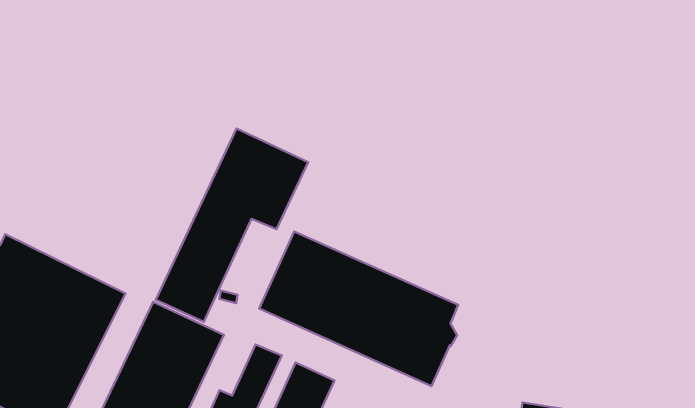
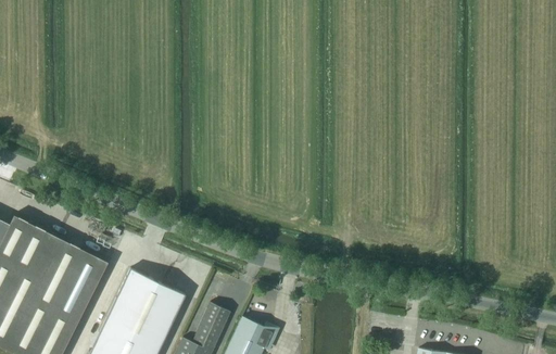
building: [156,128,308,322] -> none
building: [259,231,458,386] -> none

